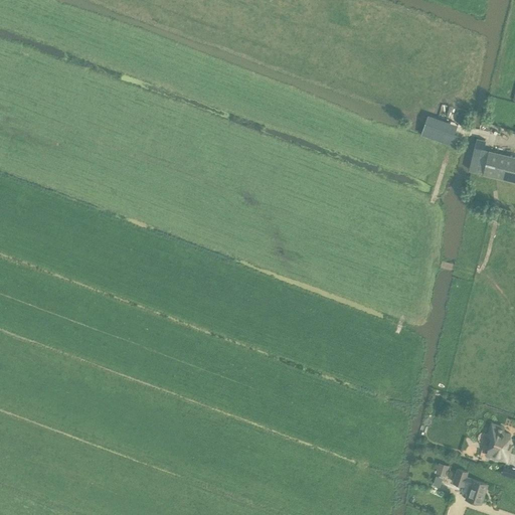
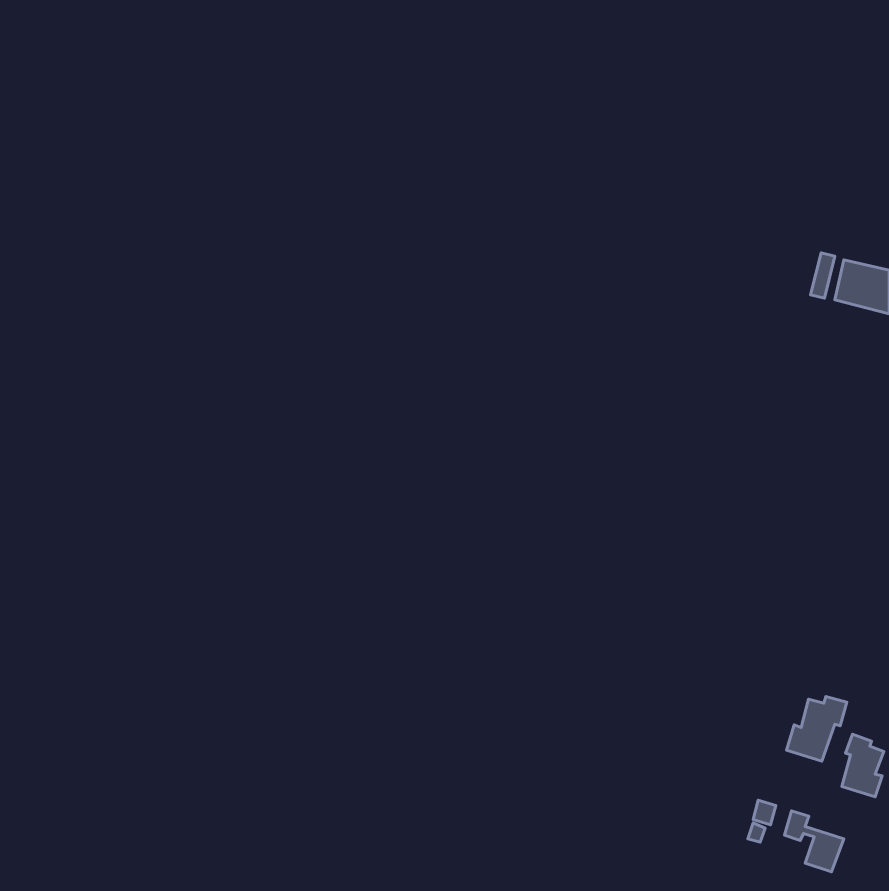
building: [419,121,455,145] -> none
building: none -> [786,697,847,761]

